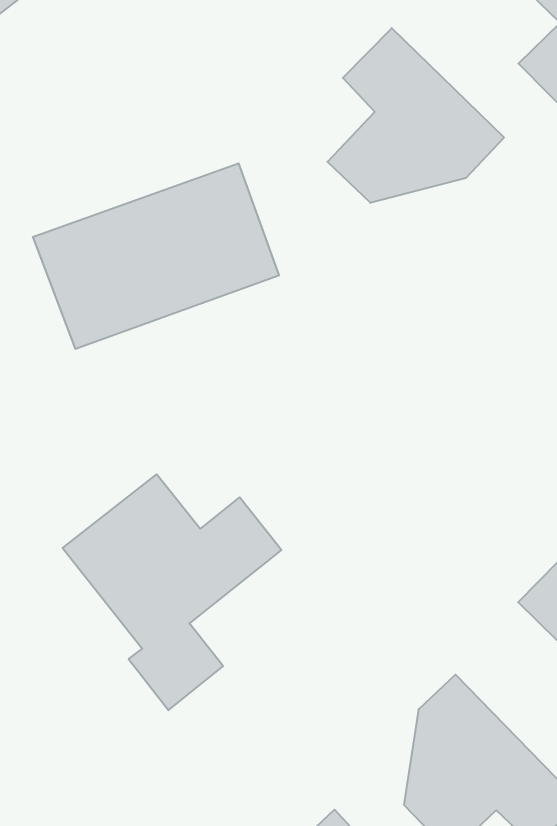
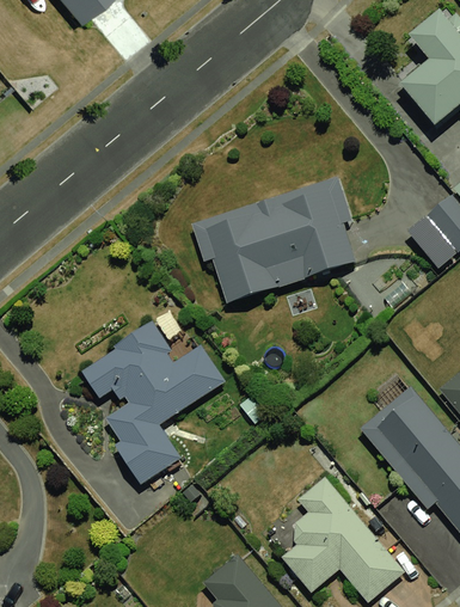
building: [327,28,504,203] -> none
building: [33,163,279,349] -> [194,194,351,304]

